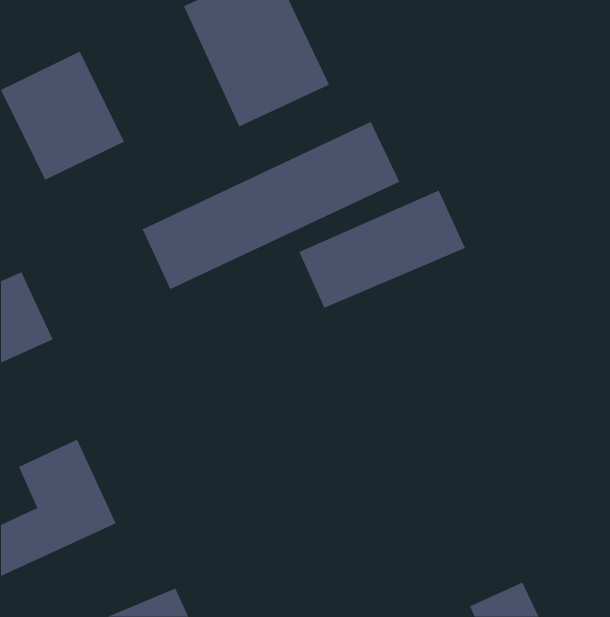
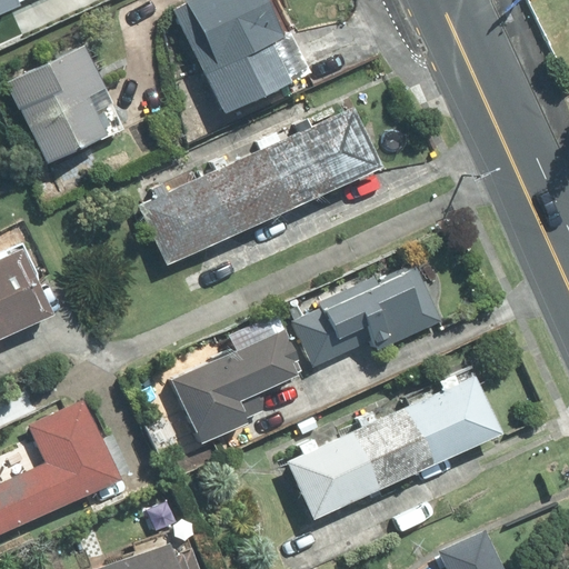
building: [298,190,466,309] -> [288,263,441,372]
building: none -> [172,332,300,441]
building: none -> [282,378,495,516]

